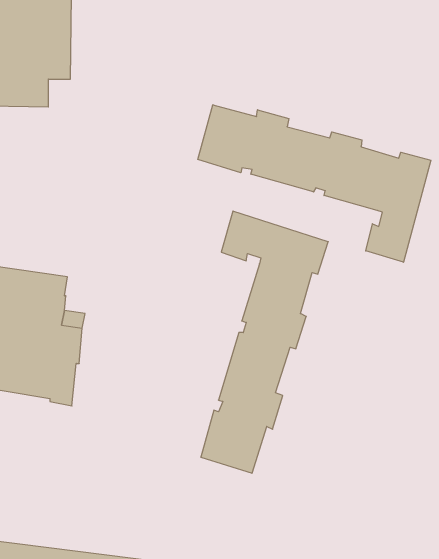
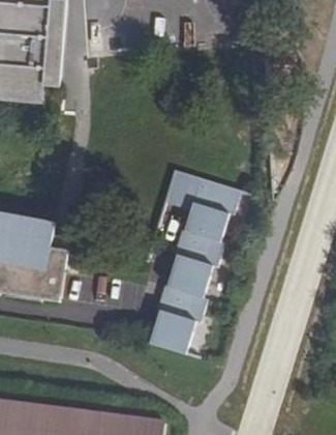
building: [198,105,431,262] -> none

